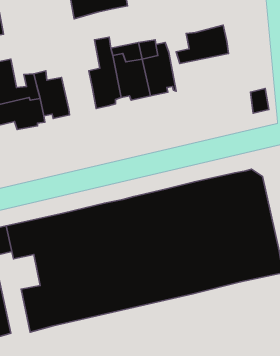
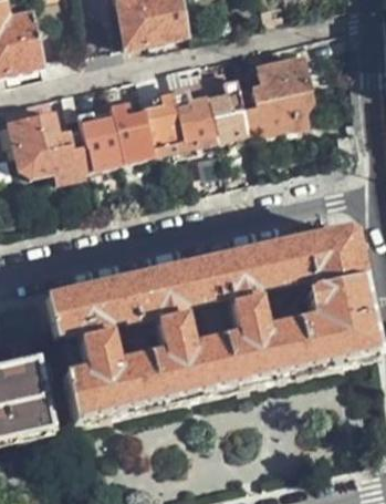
building: none -> [240,86,315,136]
building: none -> [108,103,153,160]

